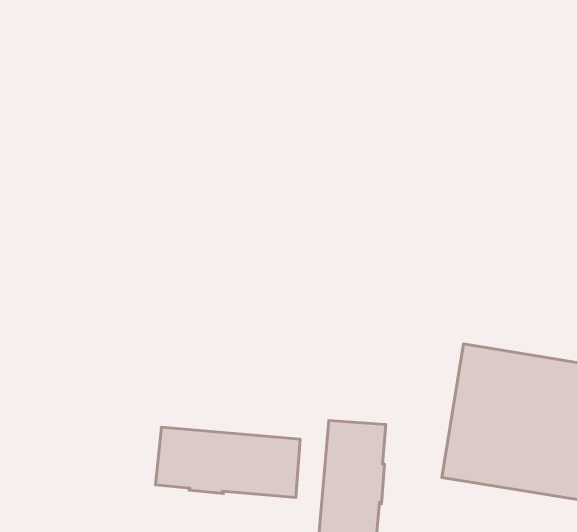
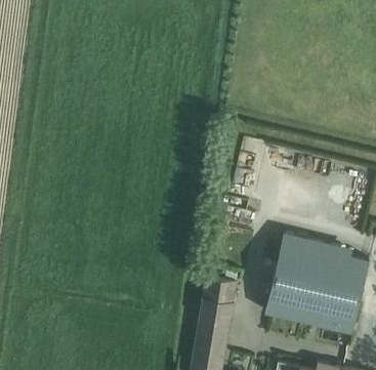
building: [156,427,300,497] -> none

